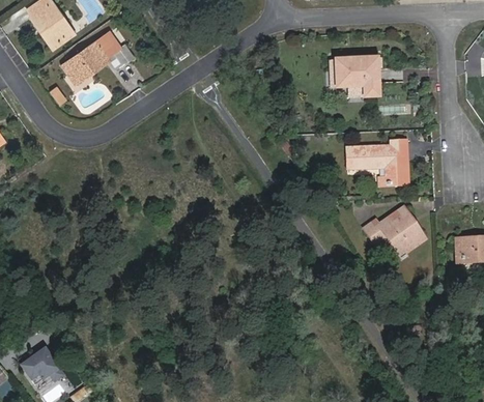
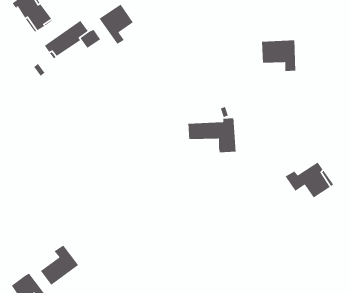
building: none -> [99,4,134,45]
building: [347,140,408,184] -> [188,117,237,153]
building: none -> [40,244,79,286]

